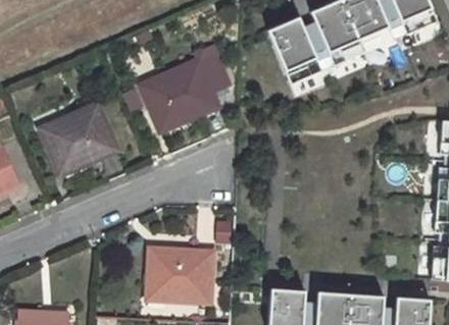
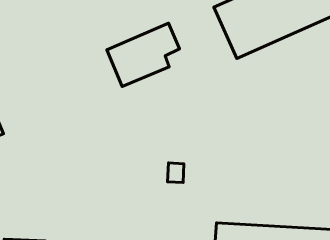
building: [40,103,115,173] -> none
building: [146,249,211,301] -> none

